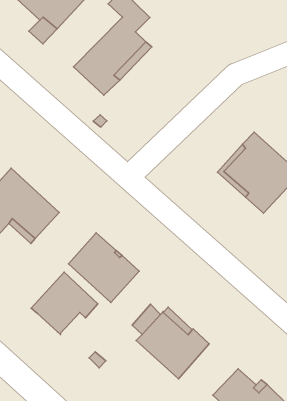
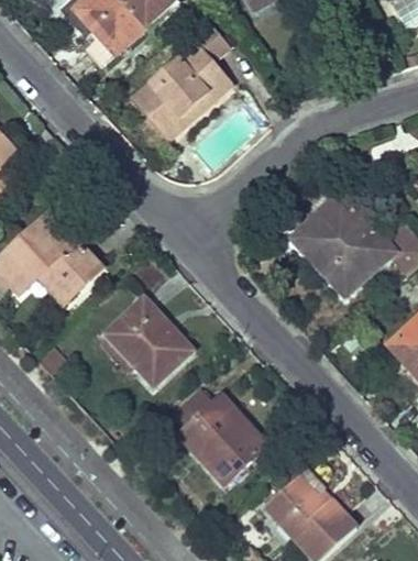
building: [31,272,98,334] -> none

